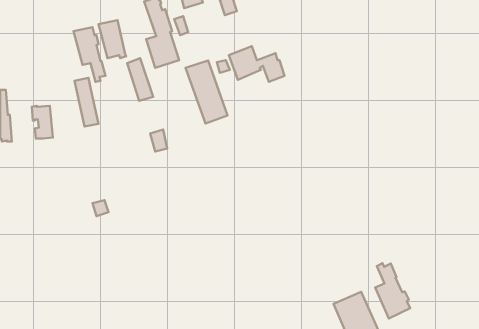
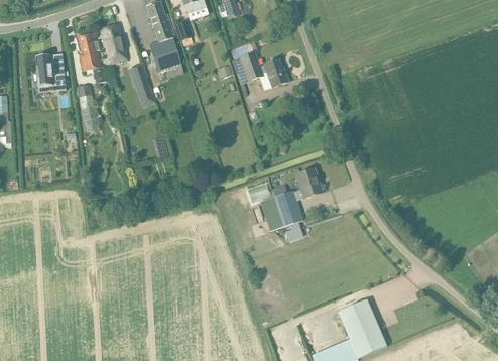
building: [185,61,228,124] -> none
building: [32,106,53,139] -> [34,55,55,89]
building: none -> [260,169,322,240]
building: [375,263,410,319] -> none

